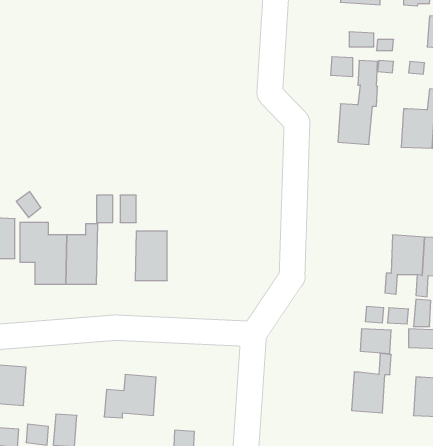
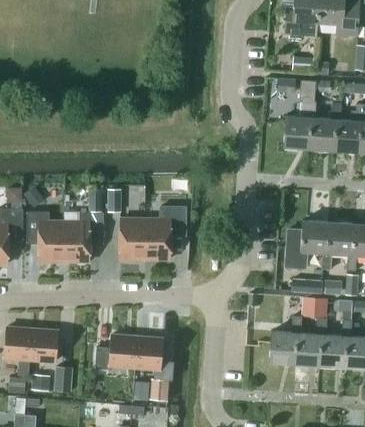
building: none -> [309,103,342,151]
building: none -> [146,207,186,259]
building: none -> [286,221,328,268]
building: none -> [269,316,302,364]
building: none -> [320,320,352,368]
building: none -> [30,329,58,362]
building: none -> [135,337,162,370]

